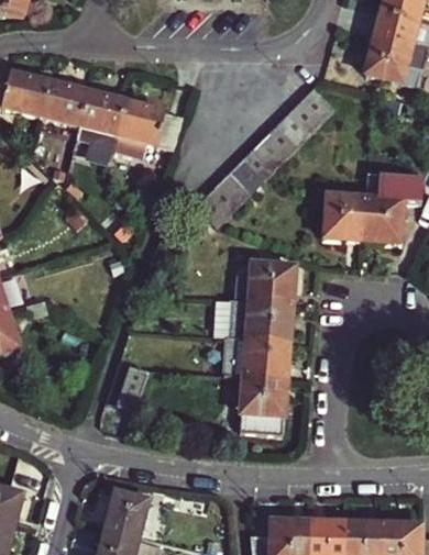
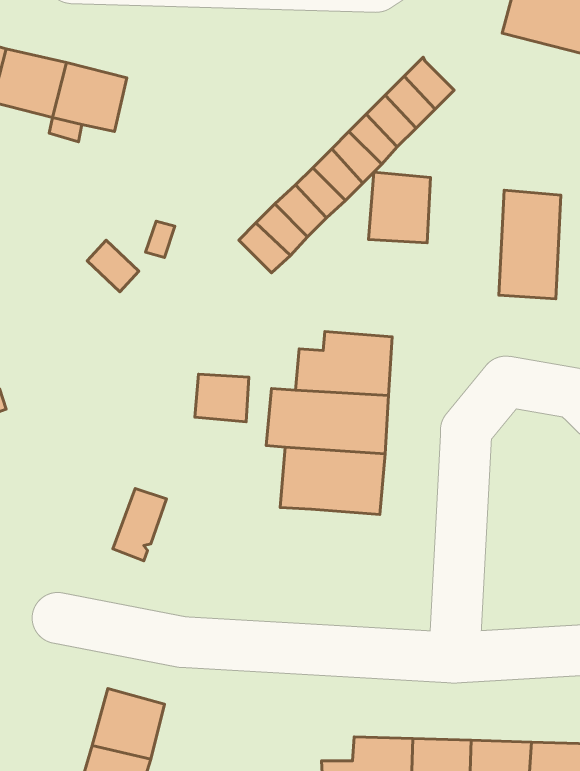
building: [117,101,182,157] -> none
building: [326,195,365,240] -> [369,172,431,243]
building: none -> [195,374,249,422]
building: [240,376,287,436] -> none

